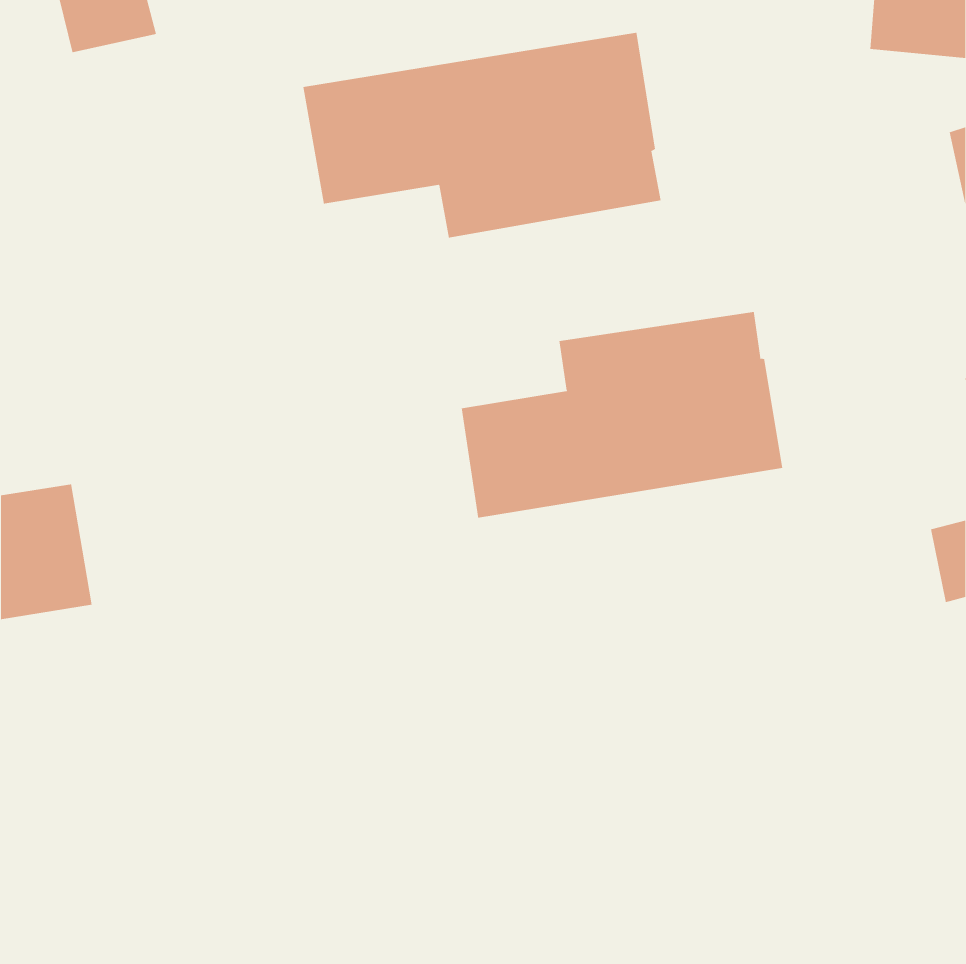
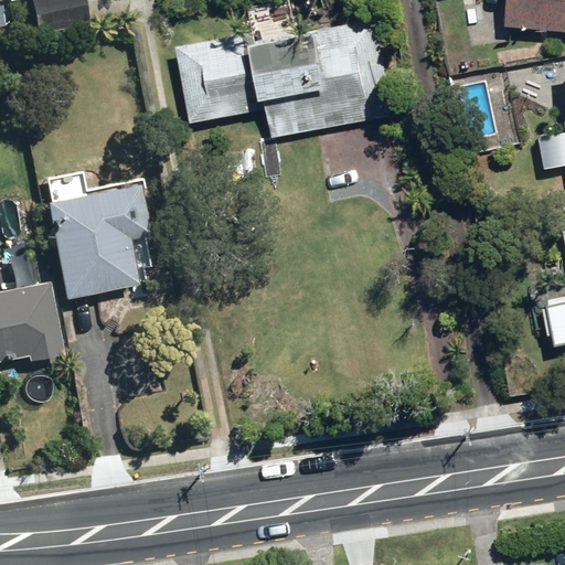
building: [461,311,783,519] -> none
building: none -> [49,183,150,295]

